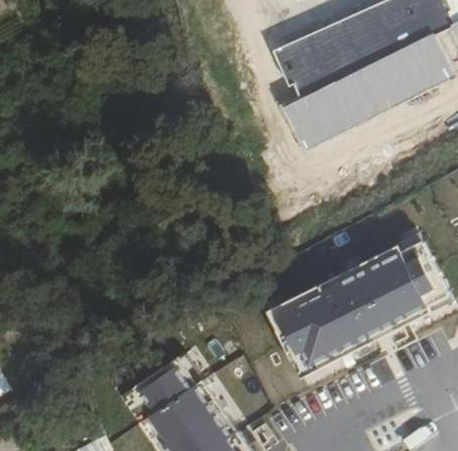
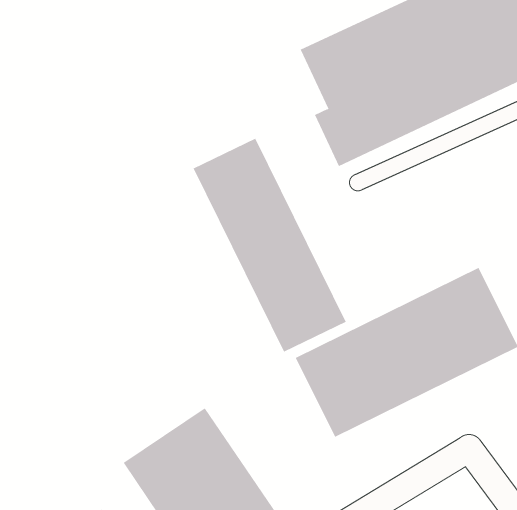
building: none -> [193,138,347,353]

